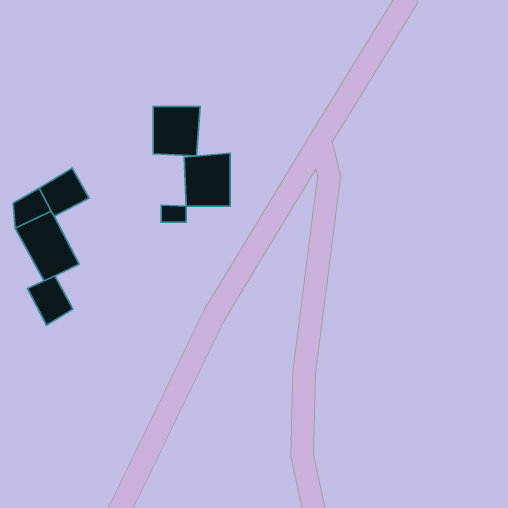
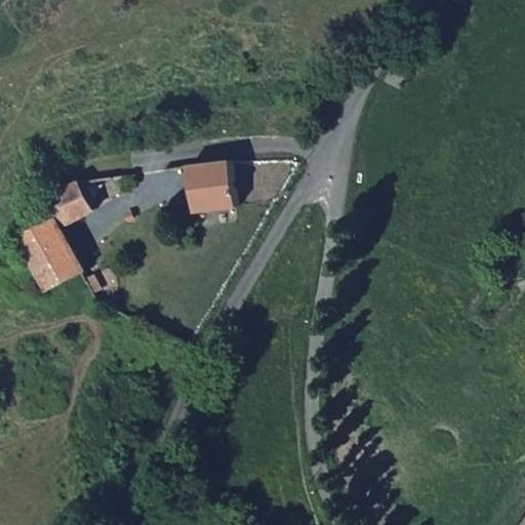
building: [153,106,200,156] -> none
building: [28,276,73,325] -> none

